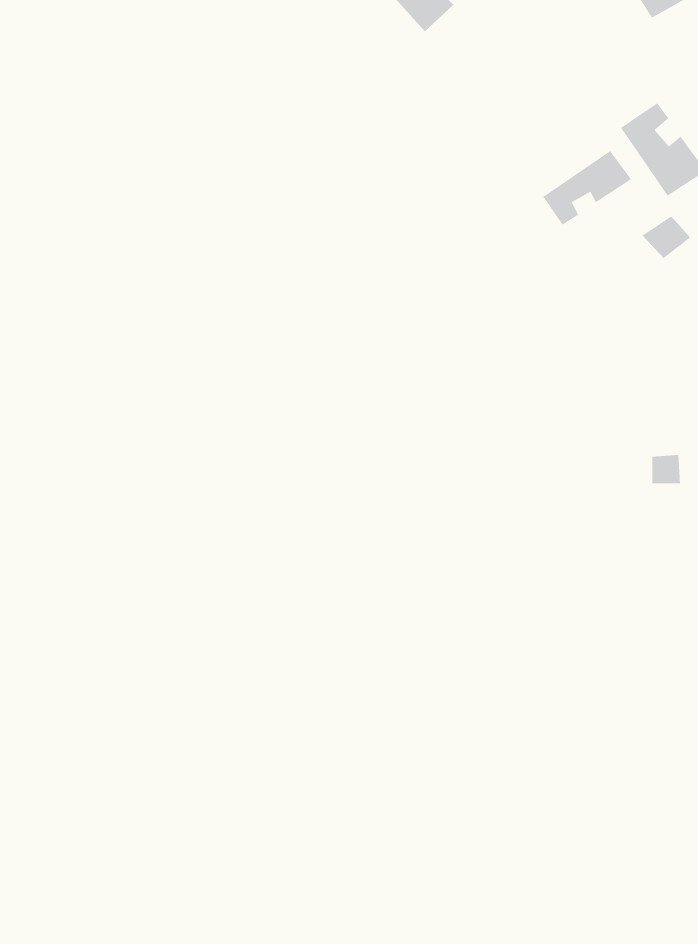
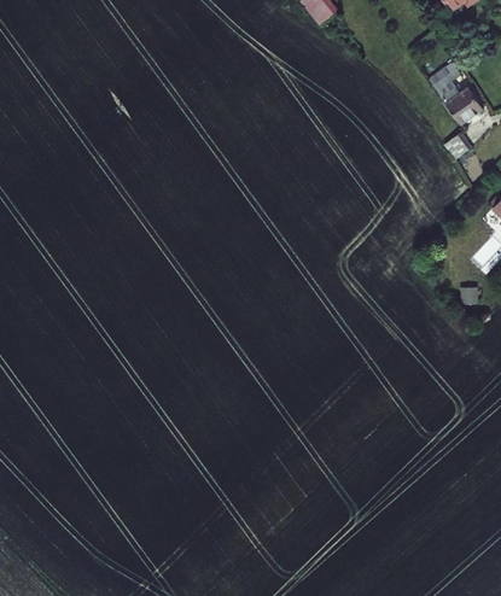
building: [543,150,632,226] -> none

